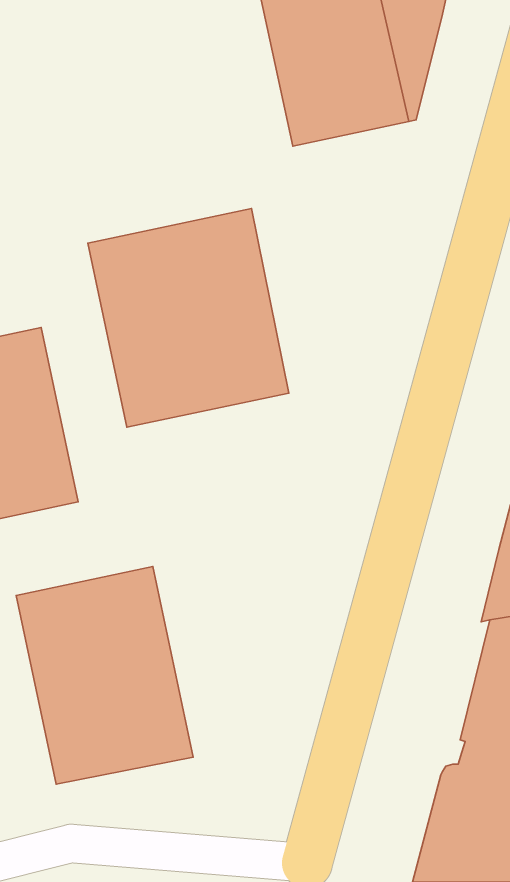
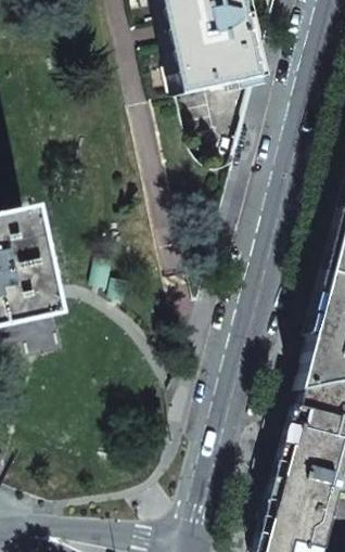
building: [88,208,289,427] -> none
building: [16,566,193,784] -> none

